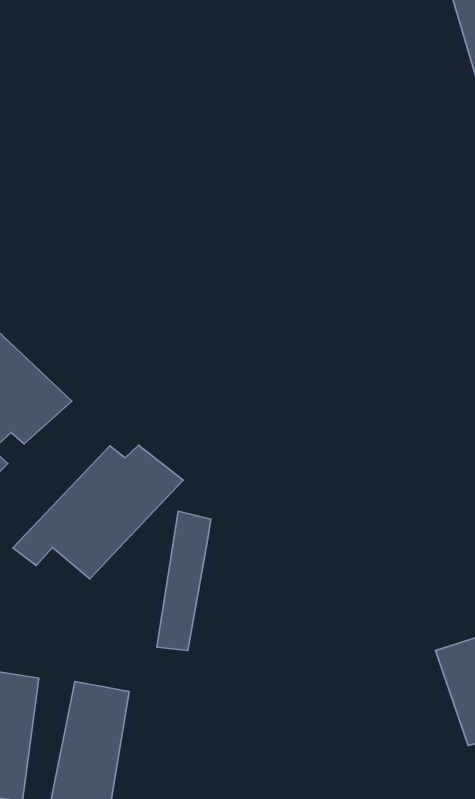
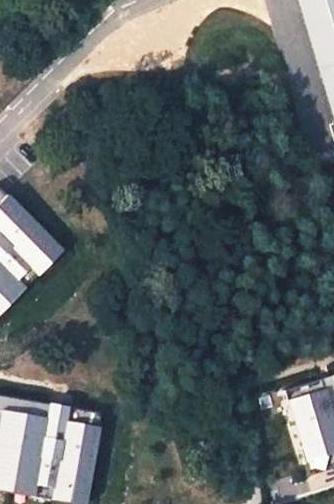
building: [13,445,183,579] -> none
building: [157,511,211,650] -> [37,402,70,487]

